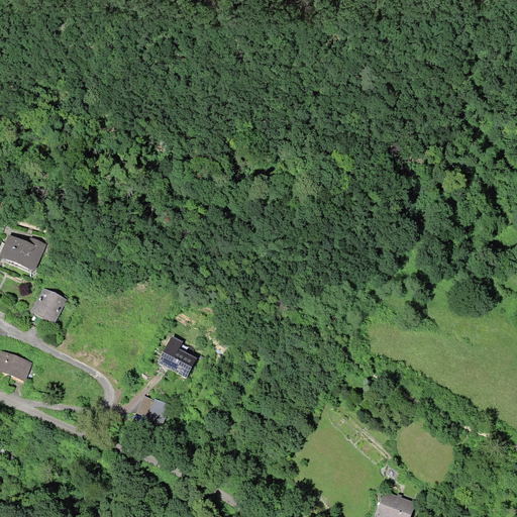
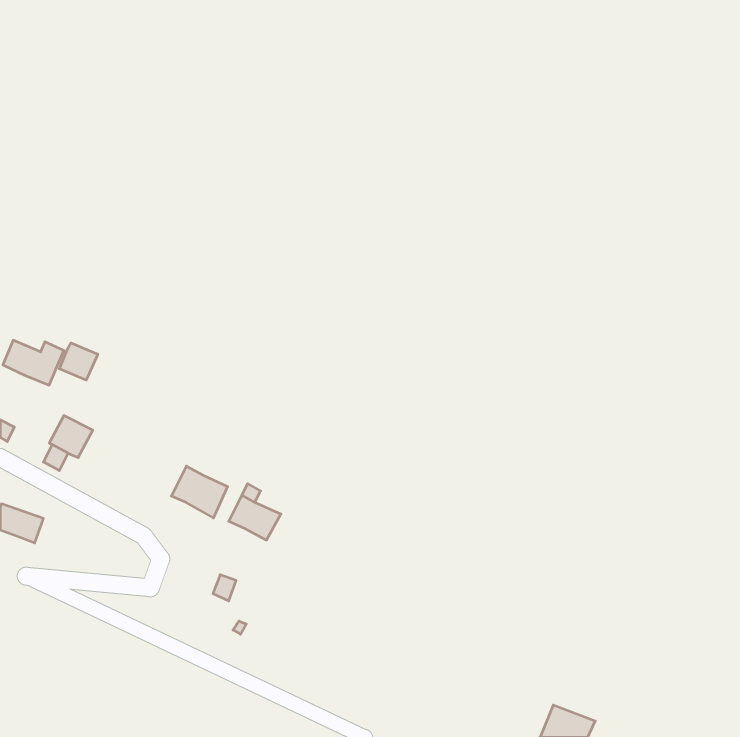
building: none -> [59,343,98,380]
building: none -> [171,466,228,518]

